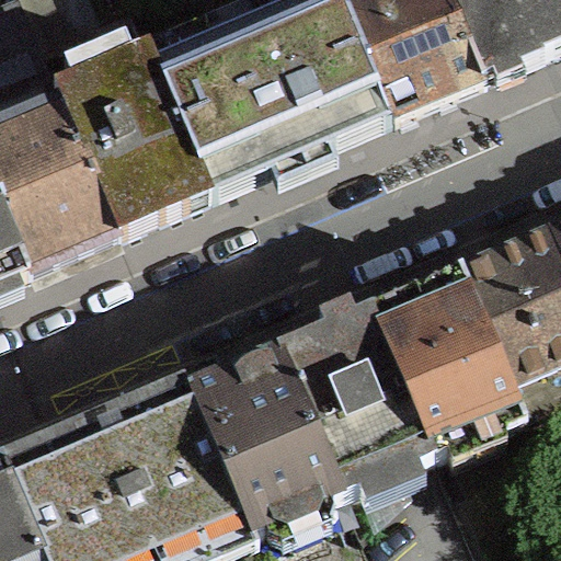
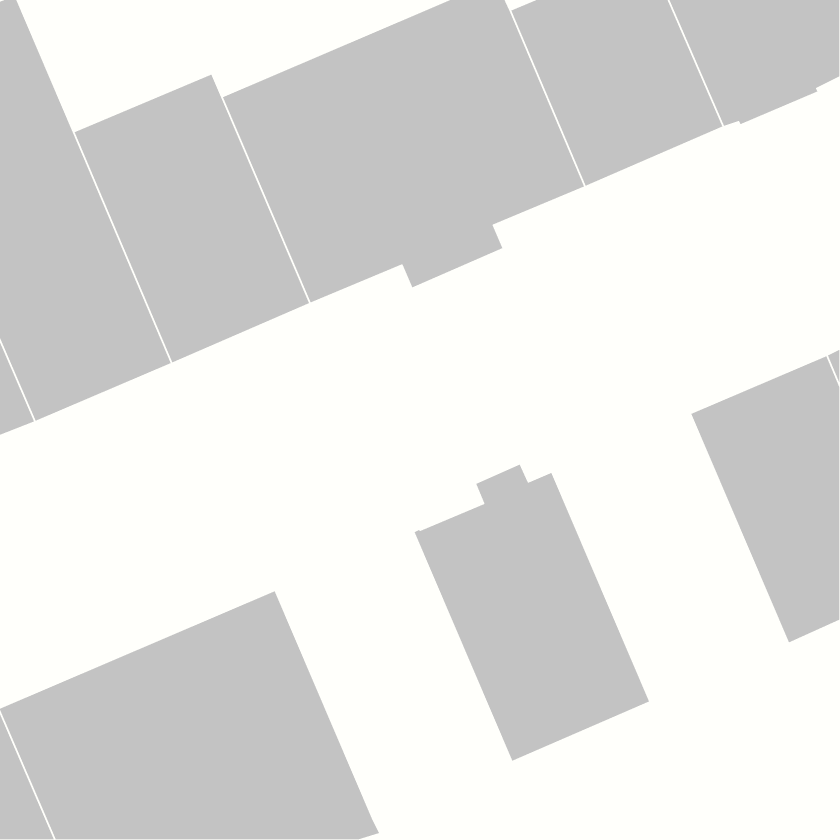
building: [363,272,518,461] -> none
building: [181,350,336,539] -> none

